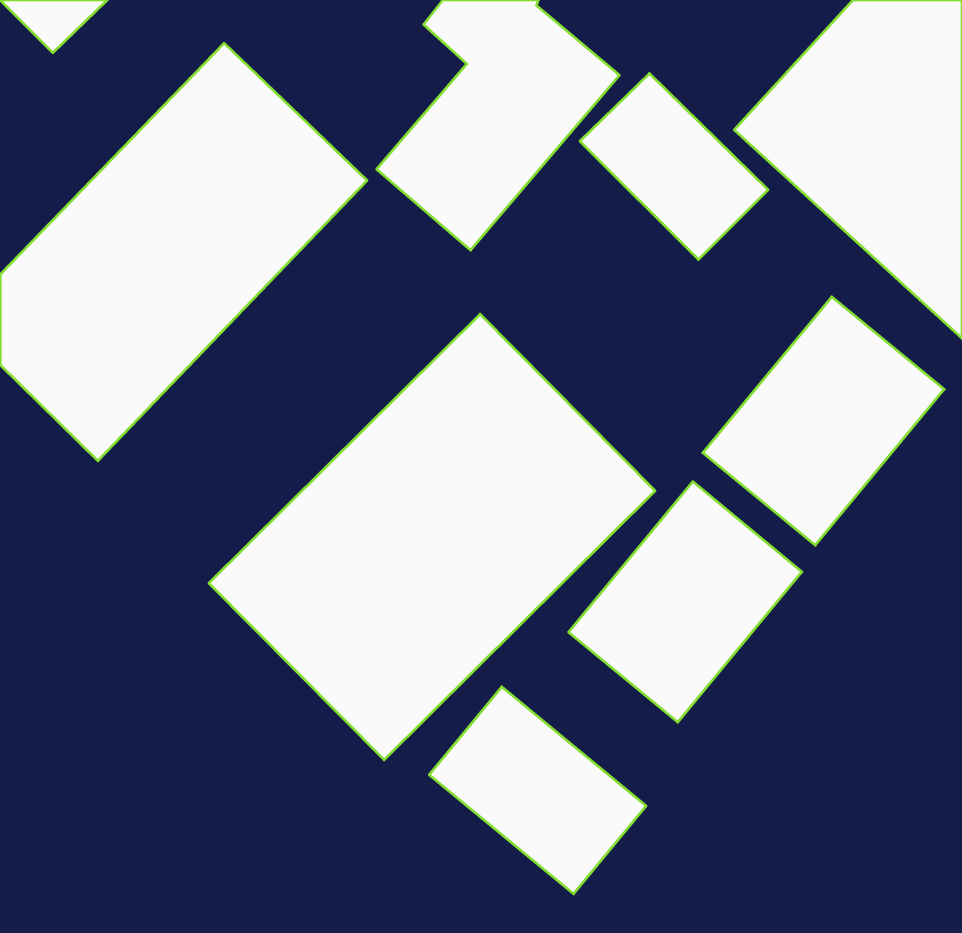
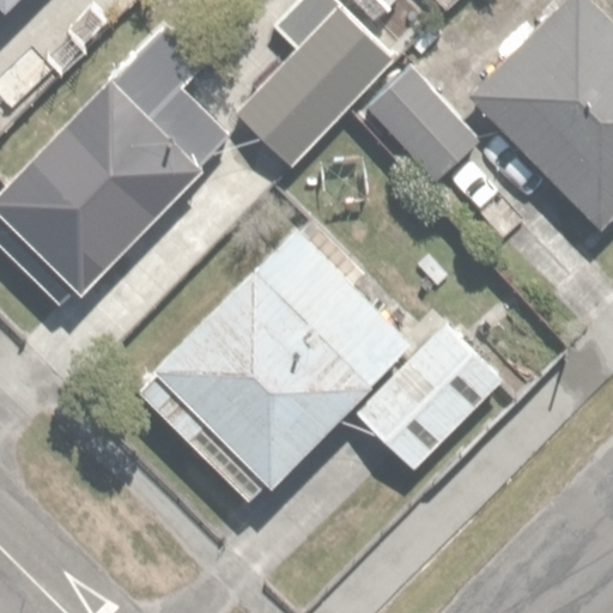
building: [703,297,944,545] -> none
building: [429,687,646,894] -> none

